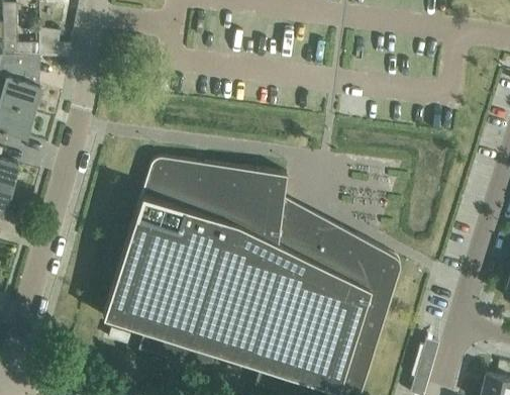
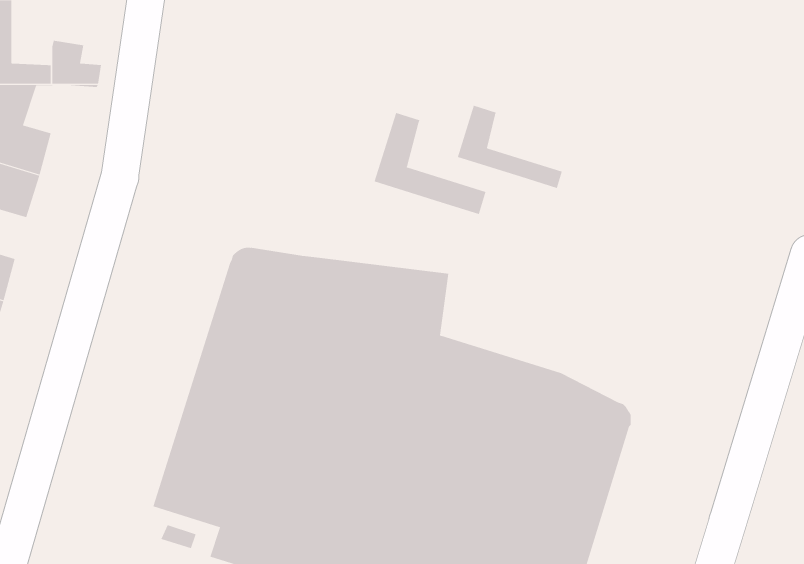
building: none -> [457,105,563,189]
building: none -> [374,112,486,215]

